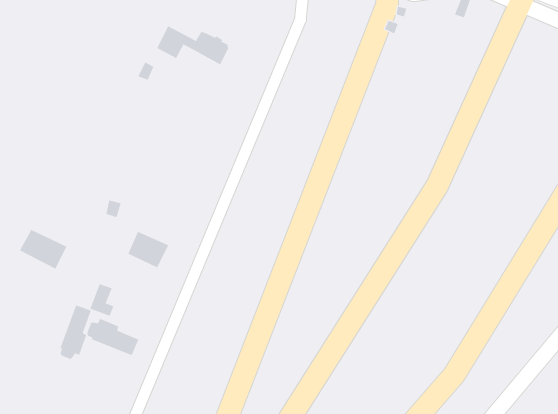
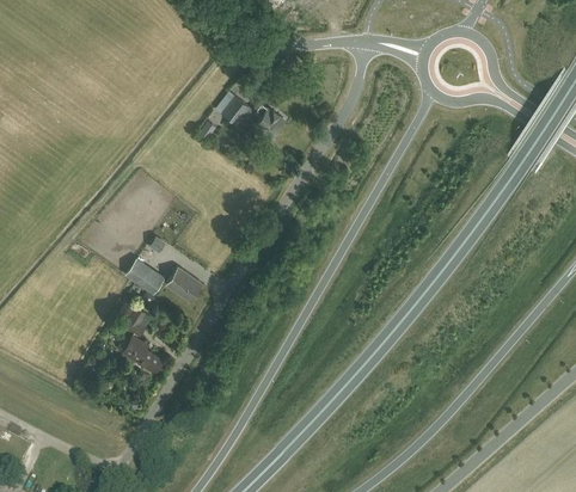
building: [19,229,67,269] -> [127,258,168,296]
building: [60,305,91,360] -> none

